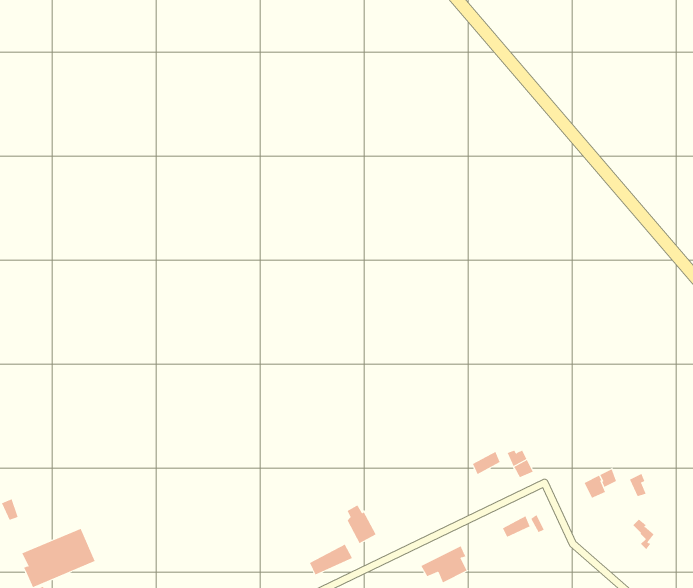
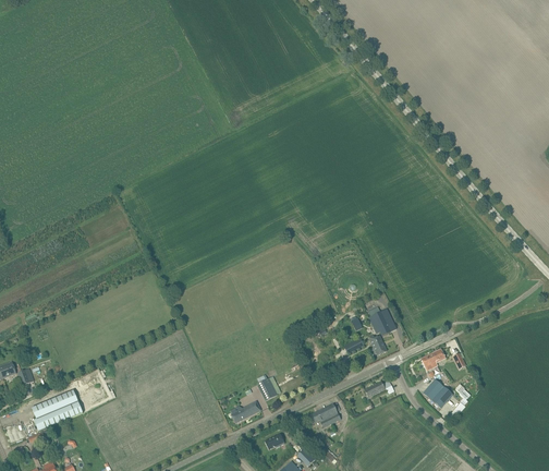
building: none -> [368,307,396,335]
building: none -> [423,378,453,408]

